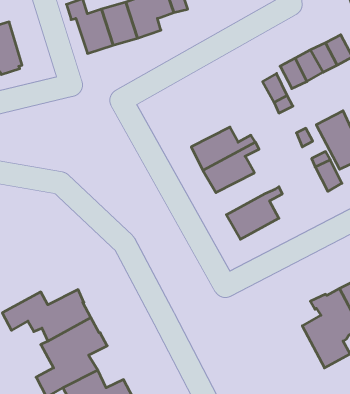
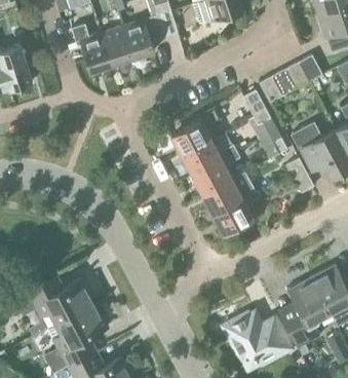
building: none -> [170,107,220,153]
building: none -> [202,171,255,213]
building: none -> [222,312,293,364]

